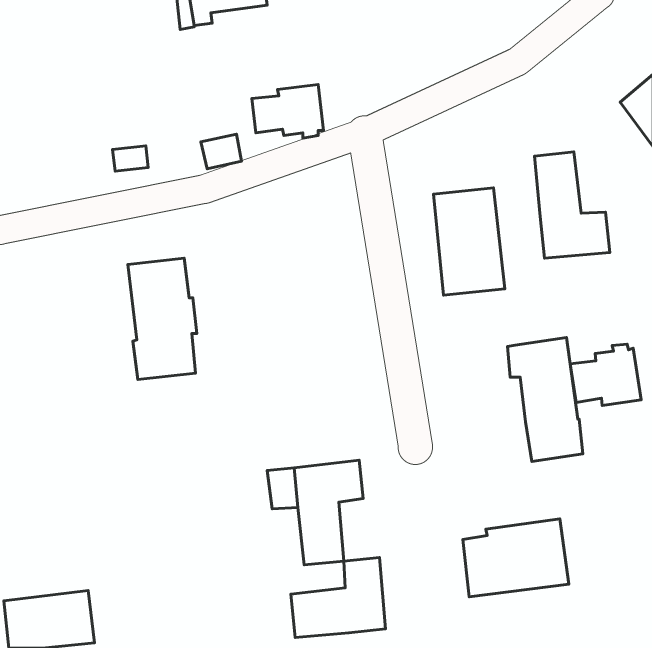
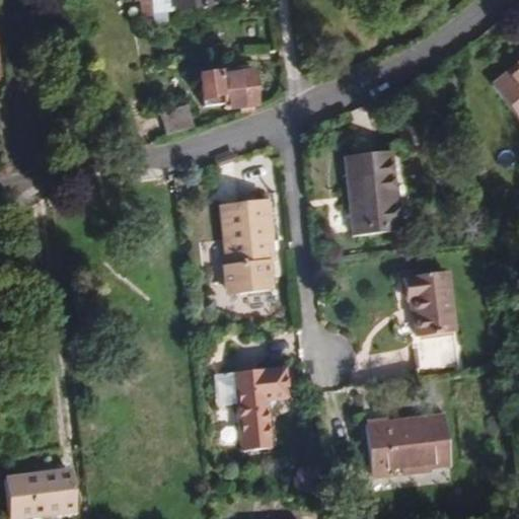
building: [534,152,610,258] -> none
building: [128,258,197,380] -> [219,198,274,294]
building: [570,344,641,405] -> none
building: [291,558,386,637] -> none

